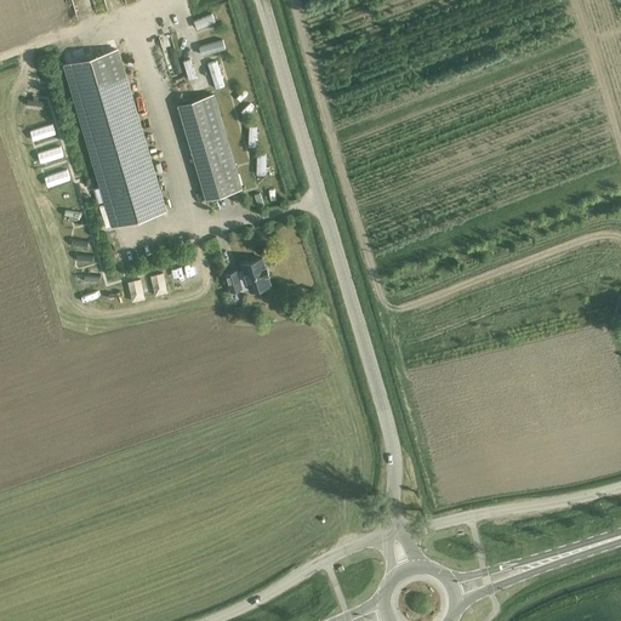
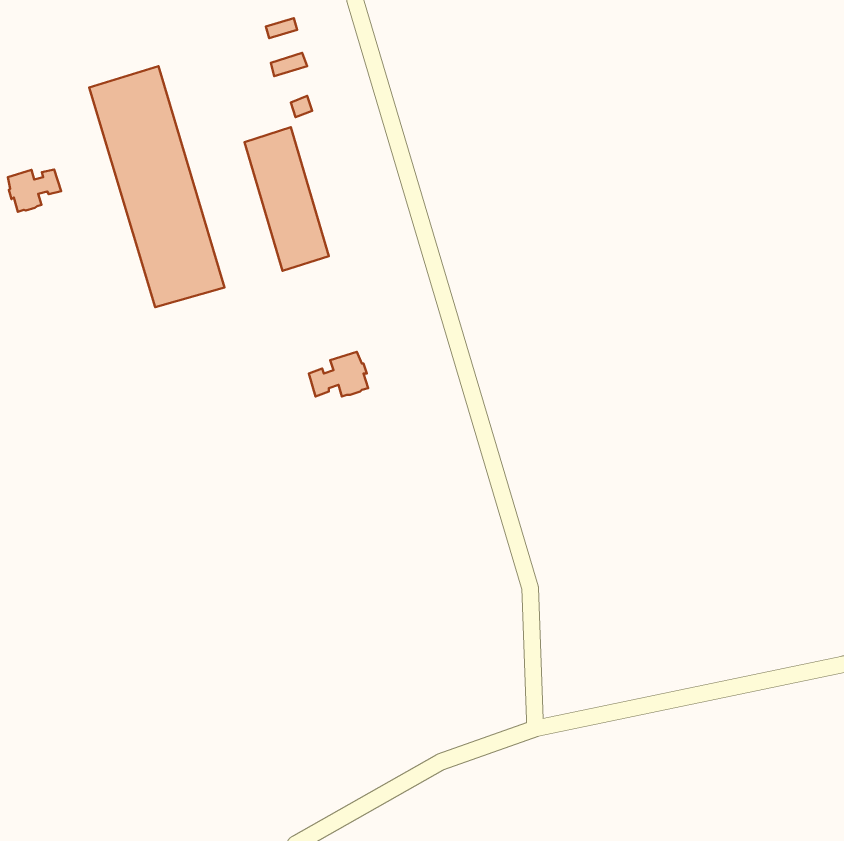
building: none -> [8,169,61,212]

